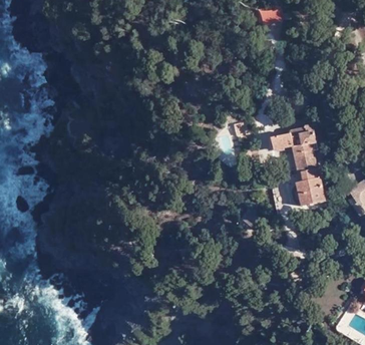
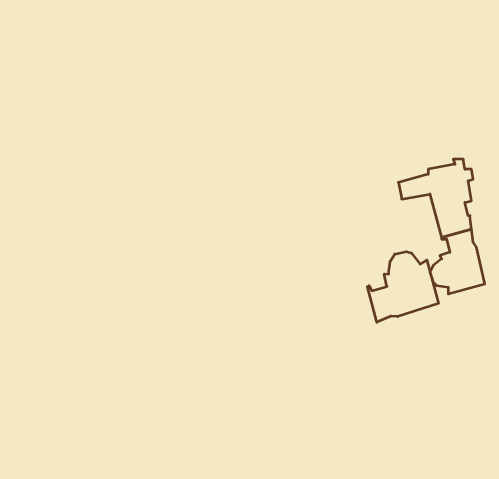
building: none -> [367,252,438,322]

